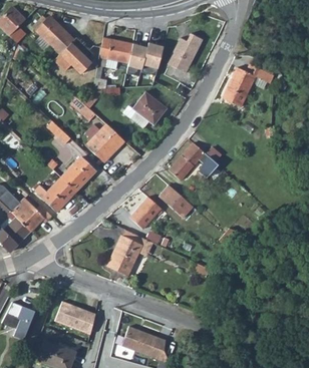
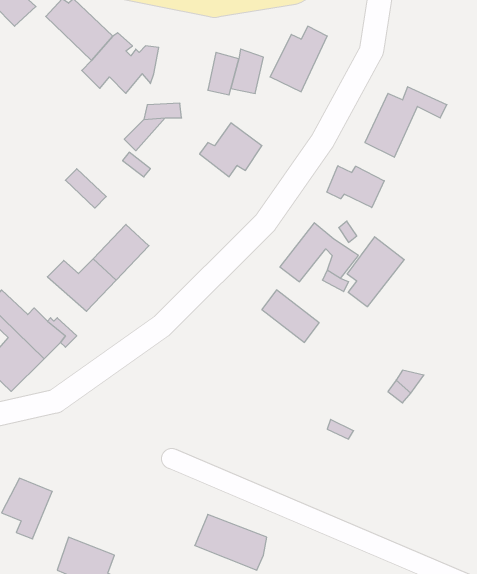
building: [96,32,130,61] -> none
building: none -> [327,166,384,208]
building: [80,120,120,160] -> none
building: none -> [347,237,404,307]
building: [133,203,165,235] -> none
building: [109,235,143,281] -> none
building: [55,301,96,335] -> none

